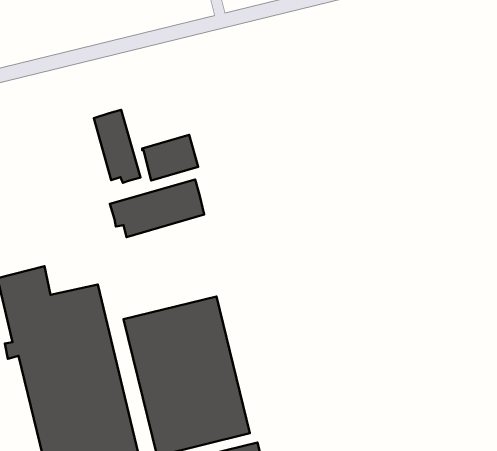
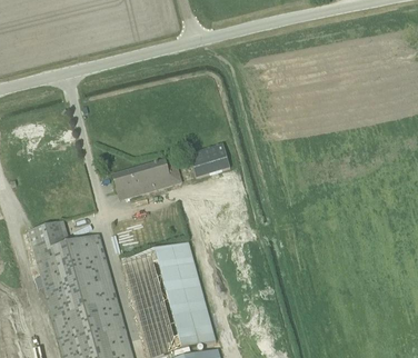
building: [94,110,141,183] -> none
building: [142,135,198,180] -> [188,143,229,177]

